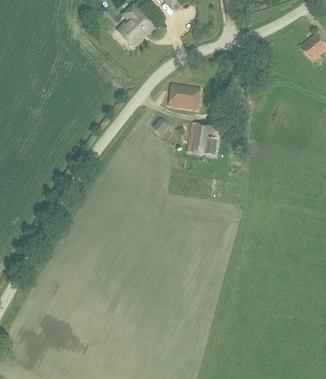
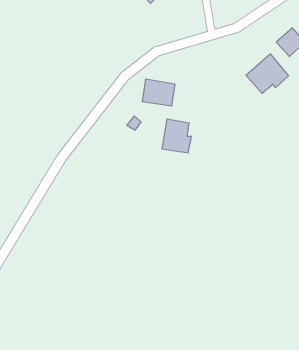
building: [118,11,153,45] -> none
building: none -> [246,54,289,93]

